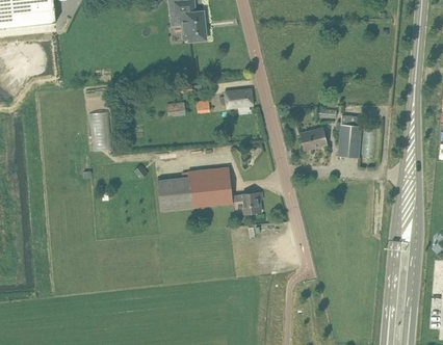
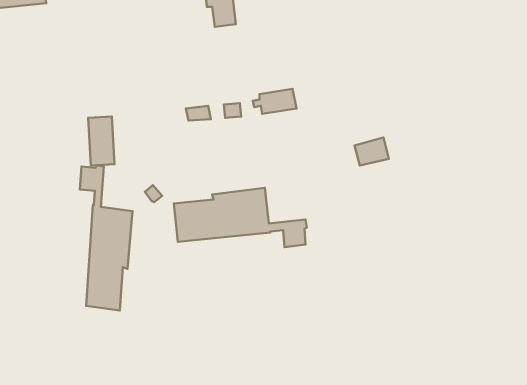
building: [338,123,362,158] -> none
building: none -> [80,165,132,310]

